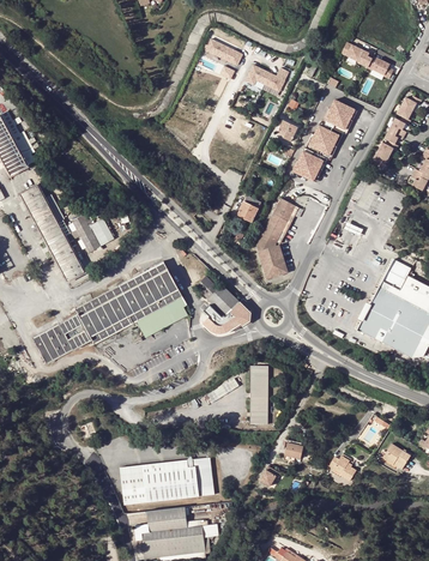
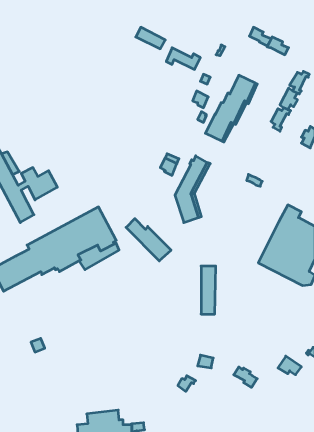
building: [249,366,267,424] -> [201,266,216,314]
building: [119,457,216,505] -> none

